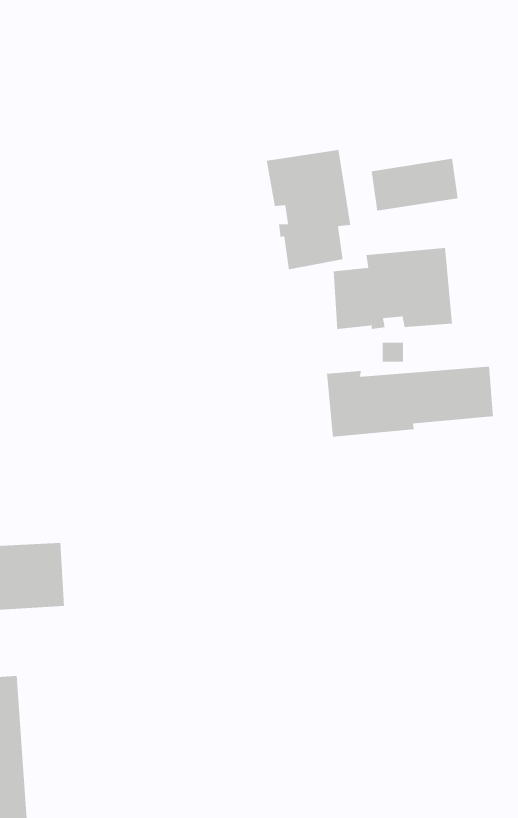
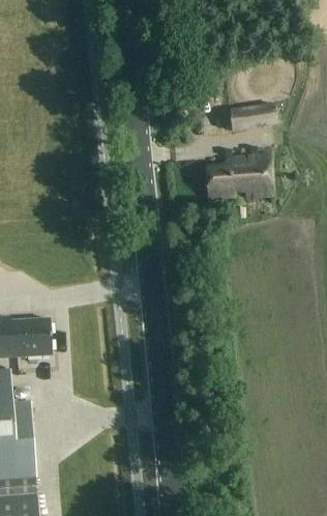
building: [266,149,351,270] -> none
building: [326,366,494,437] -> none

